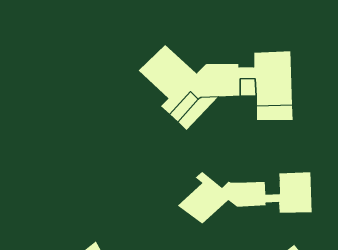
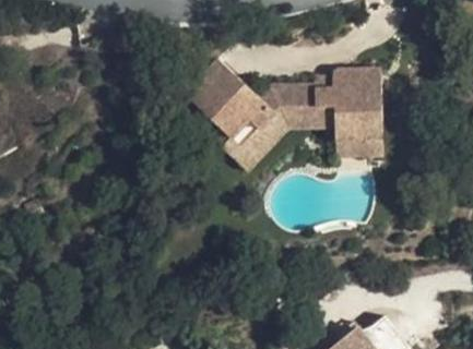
building: [177,171,312,224] -> none

